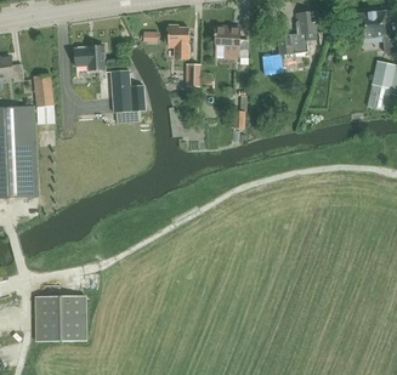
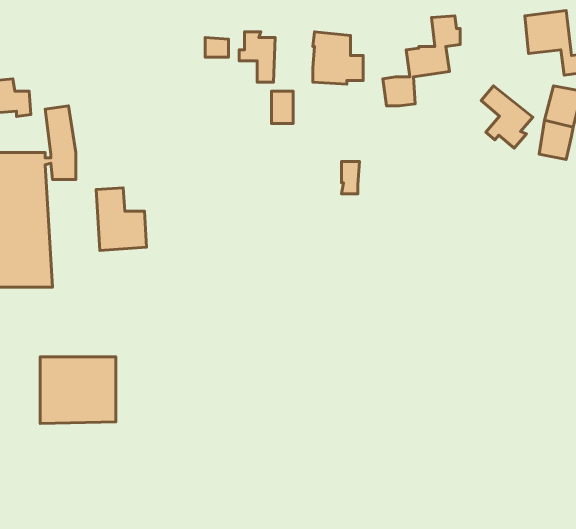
building: [75,46,106,69] -> none
building: none -> [481,86,533,148]
building: [112,70,146,113] -> [96,188,146,251]
building: [36,296,87,341] -> [40,357,116,423]

